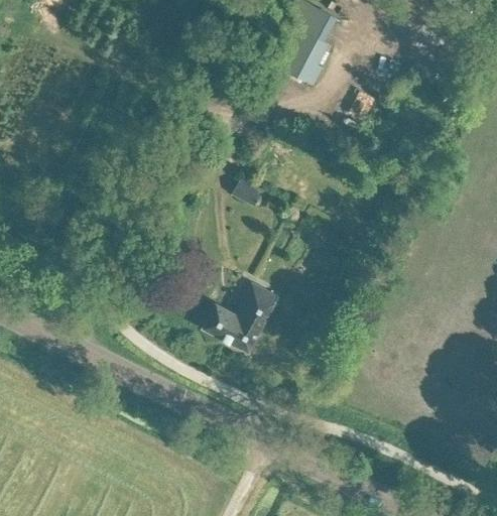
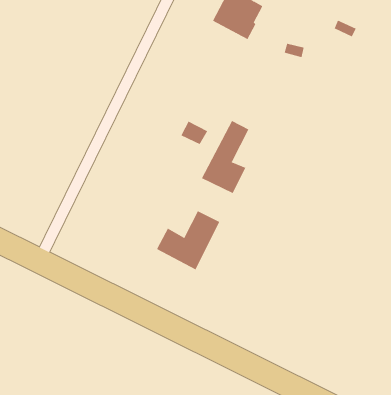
building: none -> [201,120,249,194]

